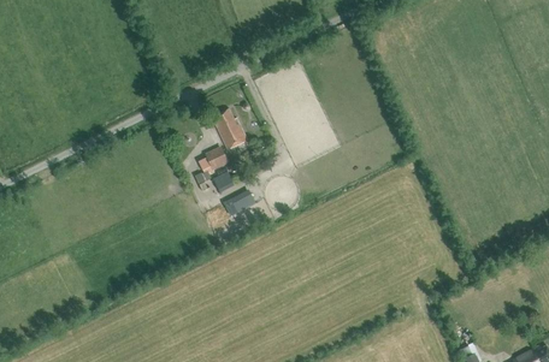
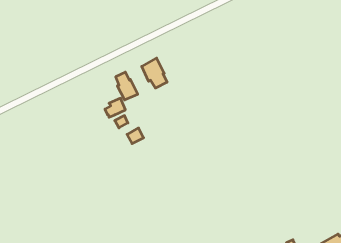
building: none -> [142,58,167,88]

